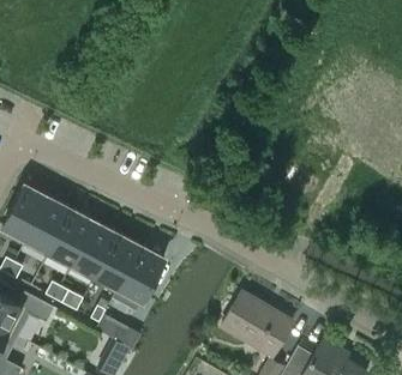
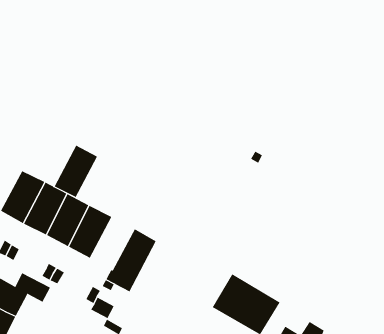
building: [96,234,142,289] -> [54,145,98,198]

